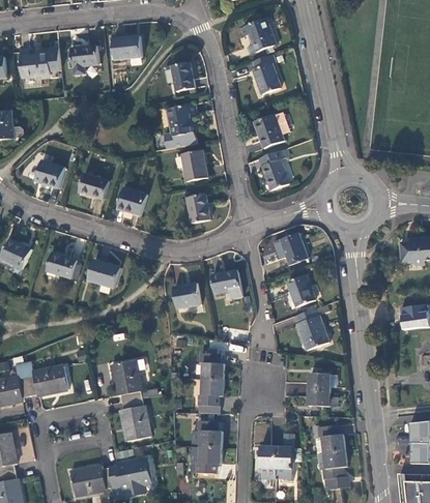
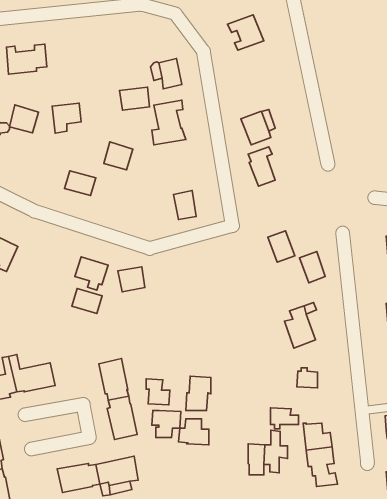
building: [112,35,142,58] -> [119,87,150,110]
building: [70,45,99,75] -> [52,103,81,133]
building: [253,53,281,93] -> none
building: [182,149,207,181] -> none
building: [35,159,64,187] -> [10,105,39,133]
building: [117,186,146,214] -> [104,142,133,170]
building: [47,253,77,277] -> [72,288,102,313]
building: [211,270,240,298] -> none
building: [288,274,314,305] -> [299,252,325,283]
building: [173,283,200,307] -> [118,267,145,292]
building: [201,353,225,379] -> [146,379,170,405]
building: [310,388,338,409] -> [270,408,298,429]
building: [193,445,222,472] -> [152,411,181,438]

